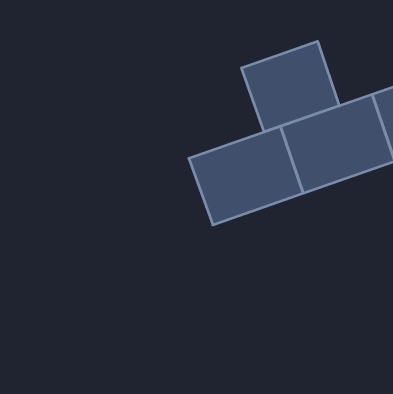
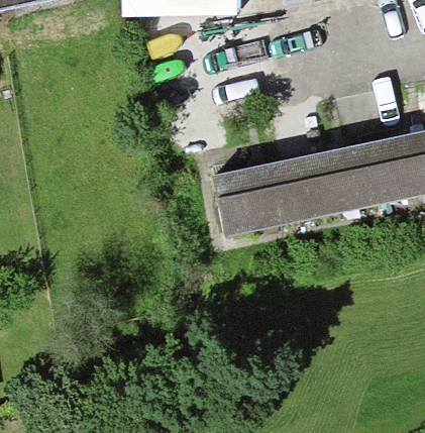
building: [242,41,339,132] -> none

